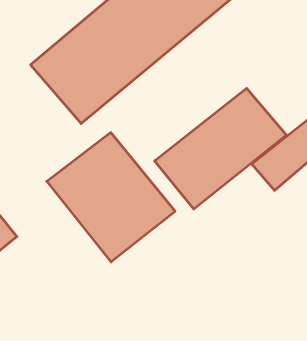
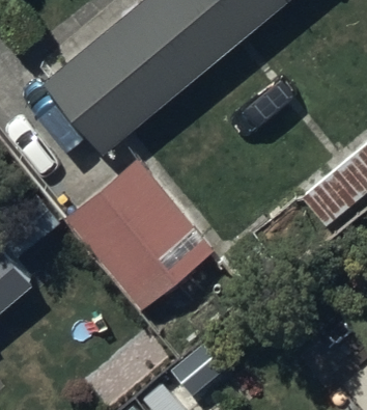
building: [155,88,287,209] -> none

